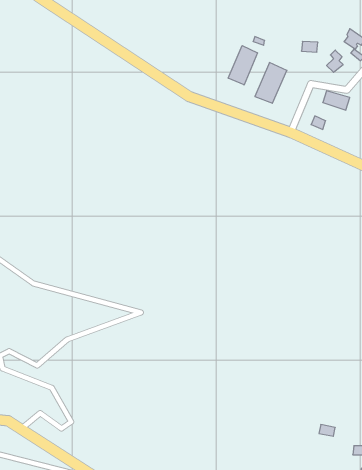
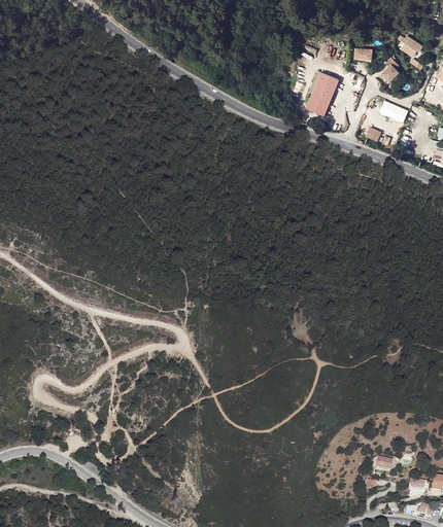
building: [228,46,257,85] -> none

